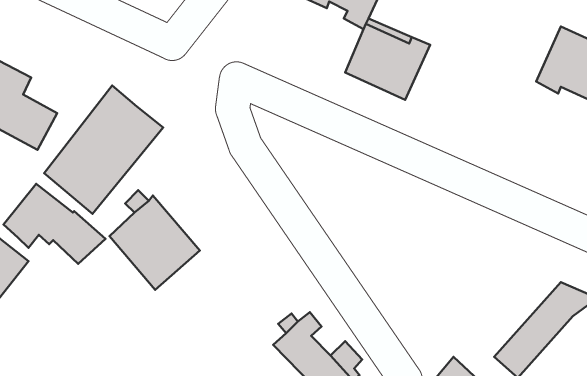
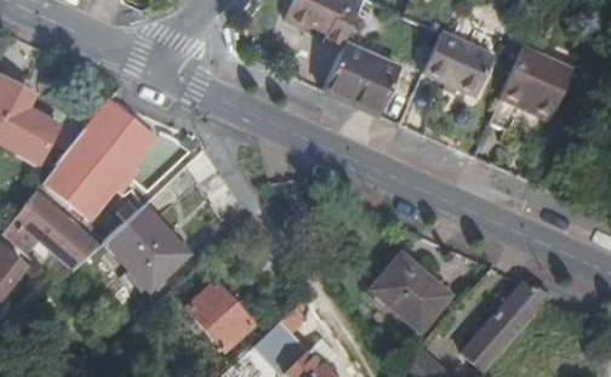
building: none -> [423,33,493,97]
building: none -> [372,255,451,332]
building: none -> [188,284,255,350]

